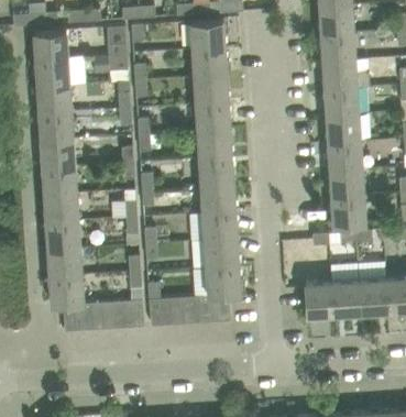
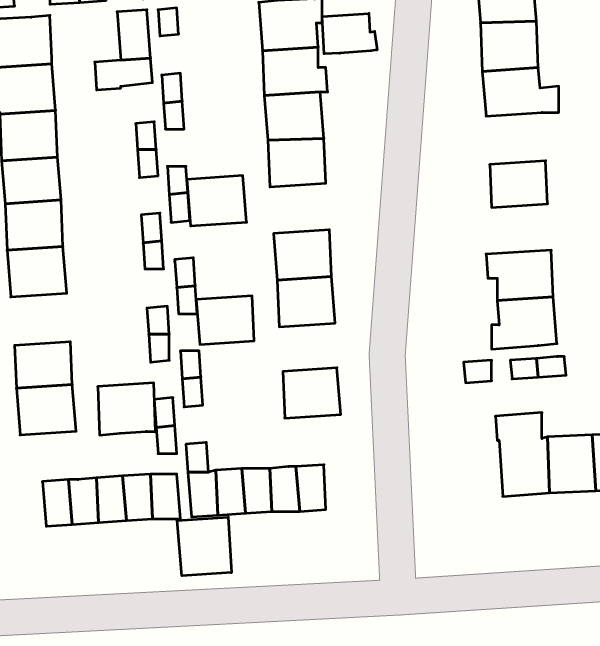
building: none -> [322,13,377,54]
building: [325,87,360,118] -> none
building: [197,129,232,158] -> [187,176,247,226]
building: [325,141,363,171] -> none
building: [44,194,79,224] -> none
building: [202,211,237,240] -> [196,296,254,344]
building: [206,265,244,296] -> none
building: [50,275,84,306] -> [98,383,156,435]
building: [304,281,334,320] -> none
building: none -> [177,517,231,576]

